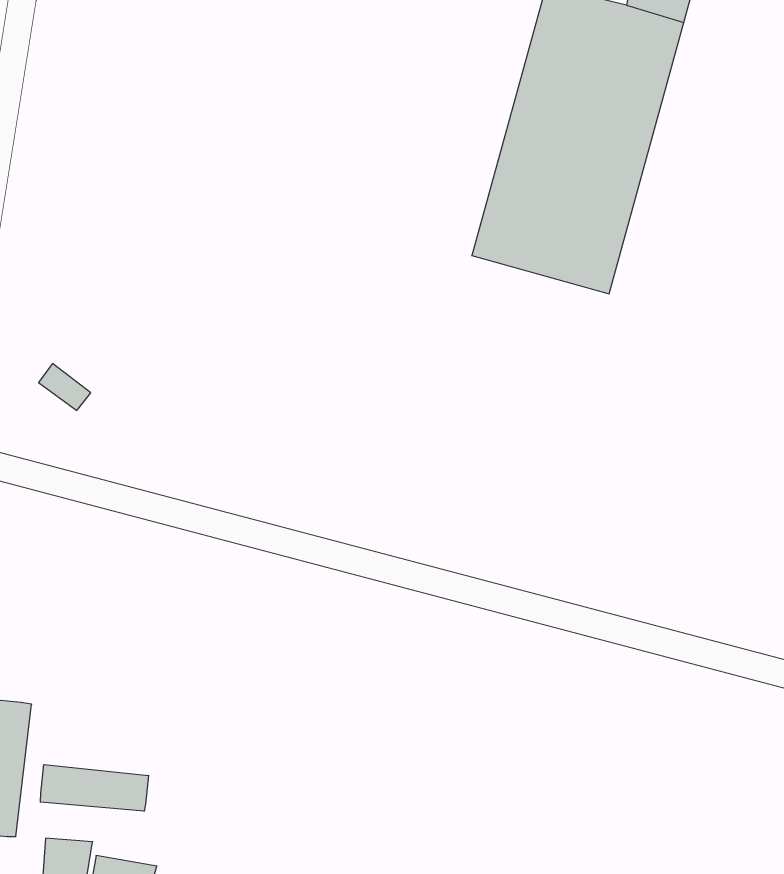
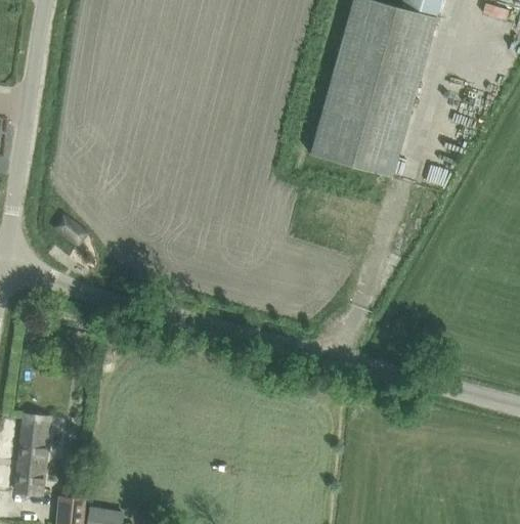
building: [40,765,149,811] -> none

